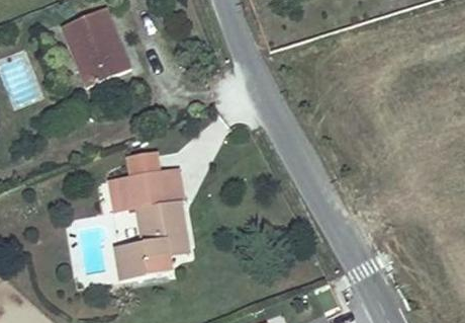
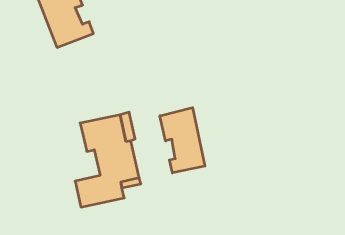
building: none -> [160,108,205,173]

